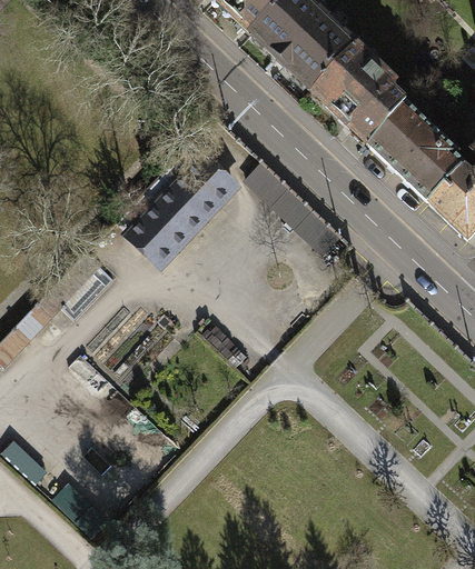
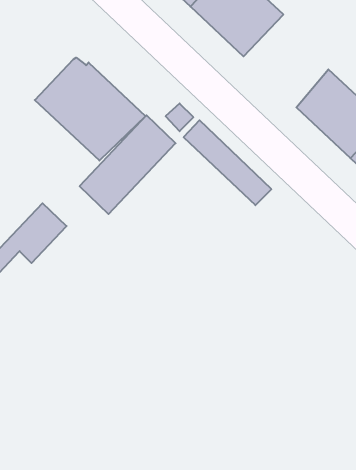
building: [311,41,406,144] -> none
building: none -> [35,58,146,161]

